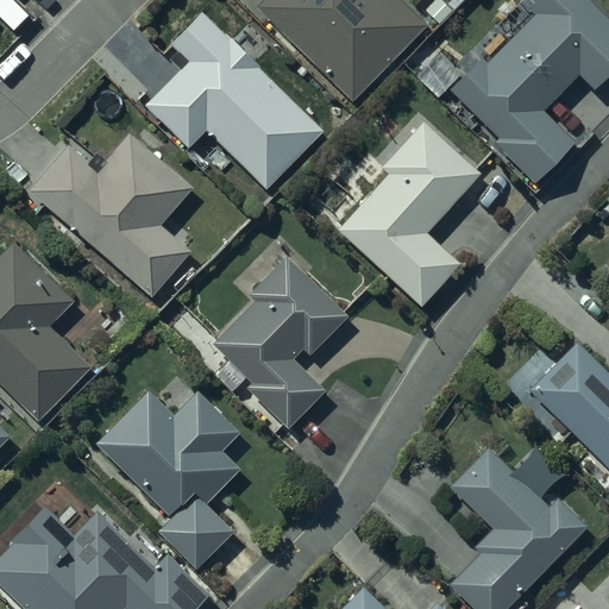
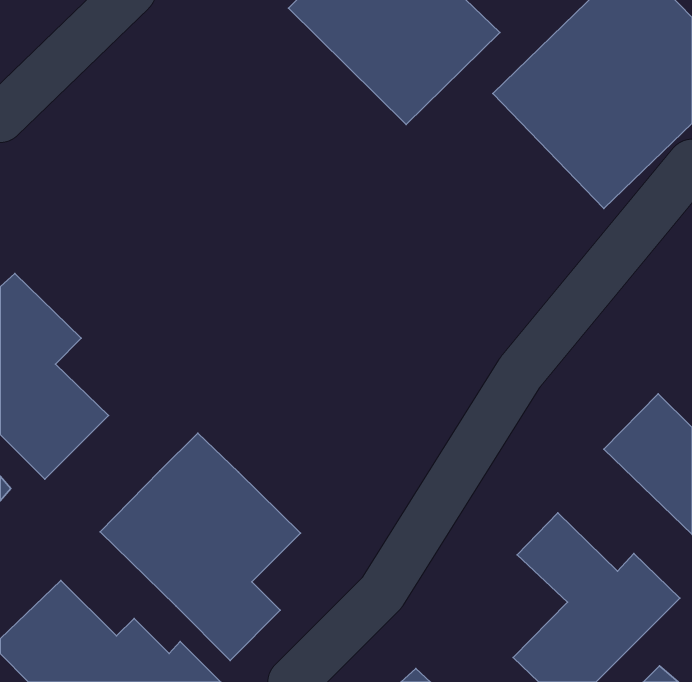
building: [144,11,318,183] -> none
building: [339,118,482,304] -> none
building: [23,137,189,296] -> none
building: [209,247,352,431] -> none

